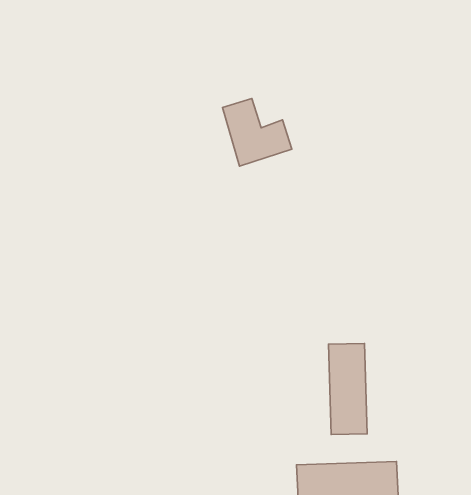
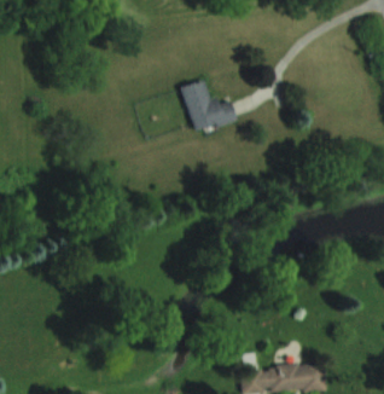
building: [328,343,367,435] -> none

